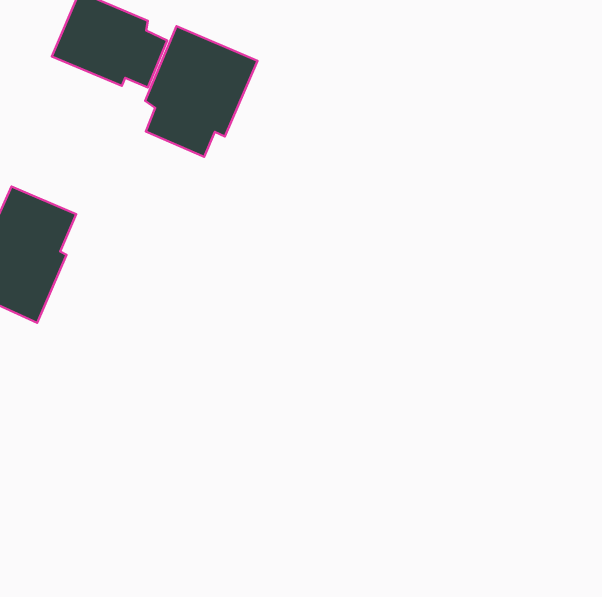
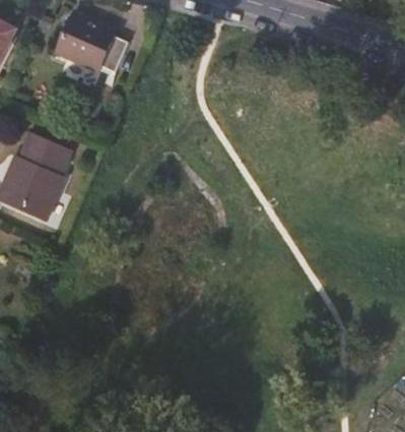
building: [145,26,257,157] -> none

